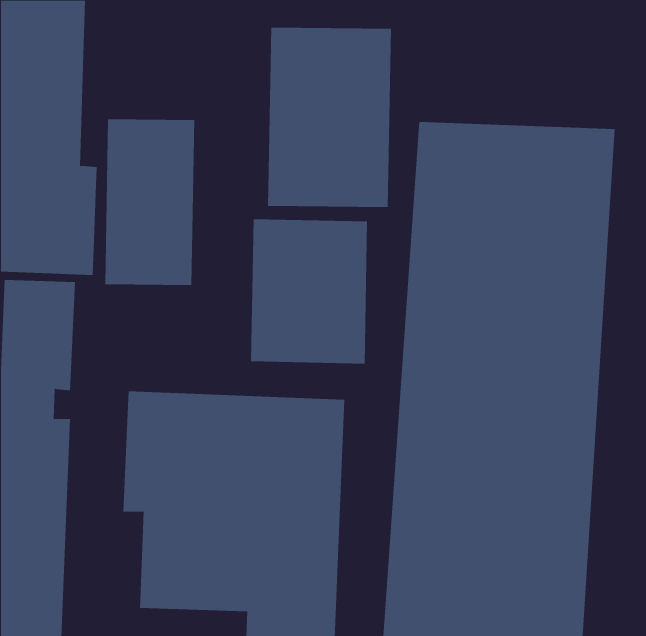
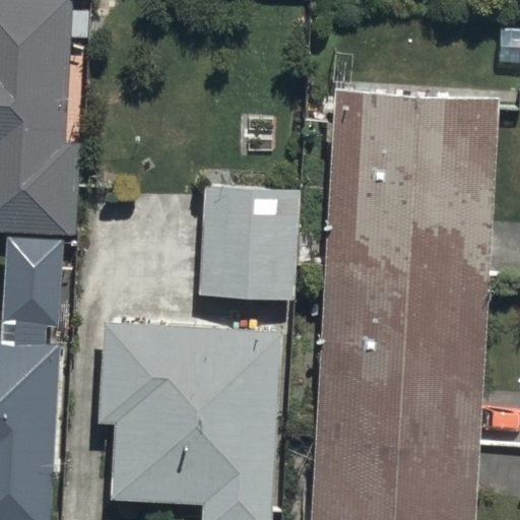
building: [268,27,391,208] -> none
building: [105,119,195,286] -> none

